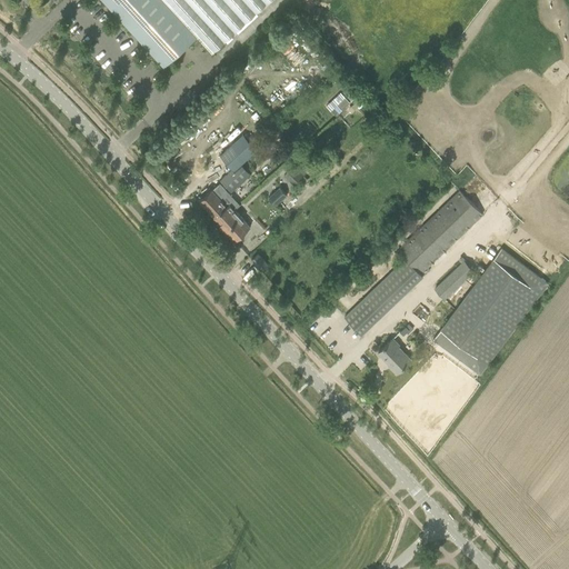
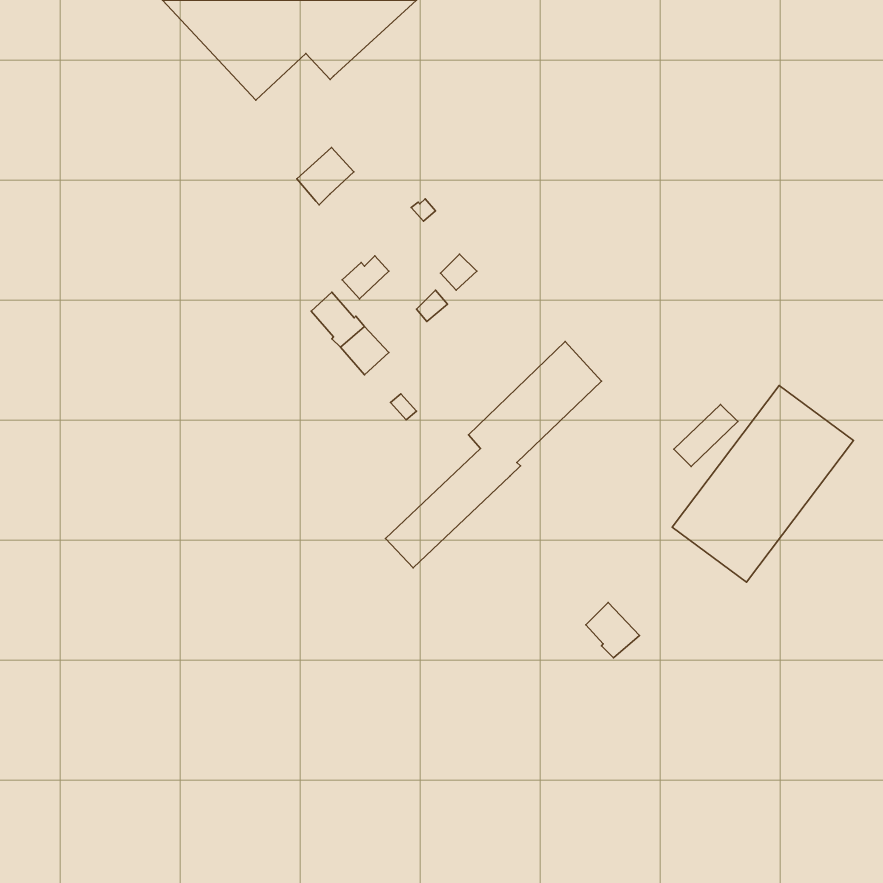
building: [220,134,257,171] -> [297,148,354,205]
building: [343,190,482,336] -> [386,341,602,568]
building: [378,338,412,373] -> [586,603,639,658]

